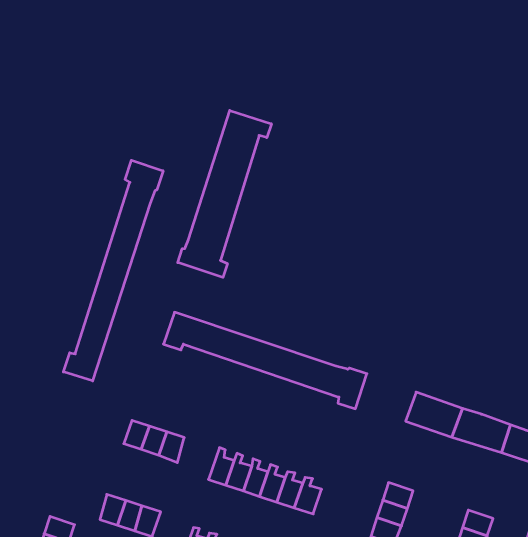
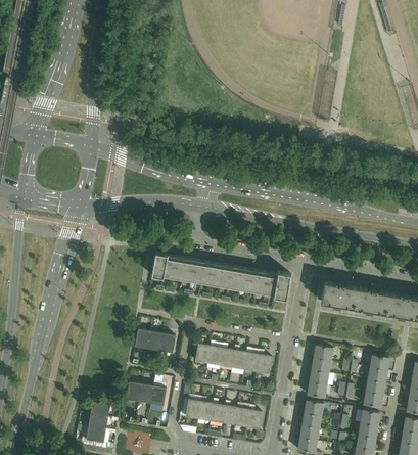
building: [178,110,271,277] -> none
building: [63,160,163,381] -> none

